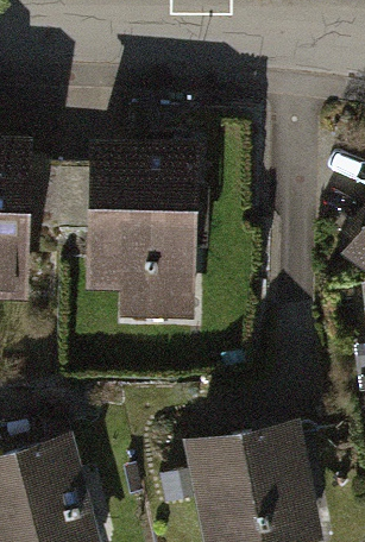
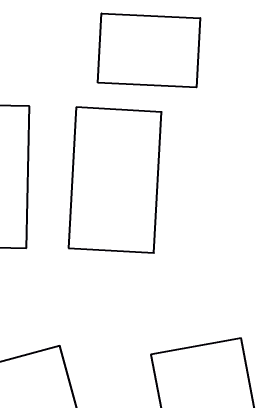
building: none -> [98,13,200,87]

